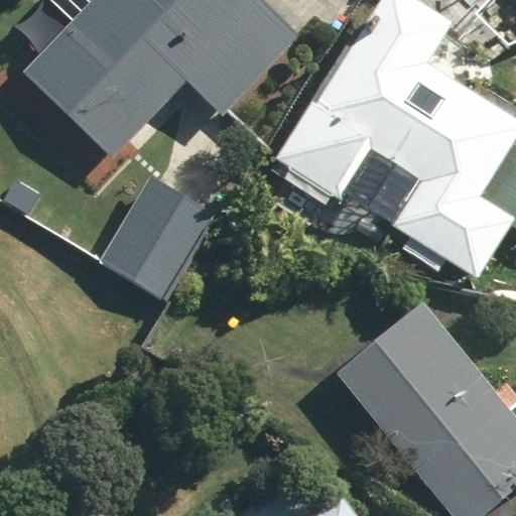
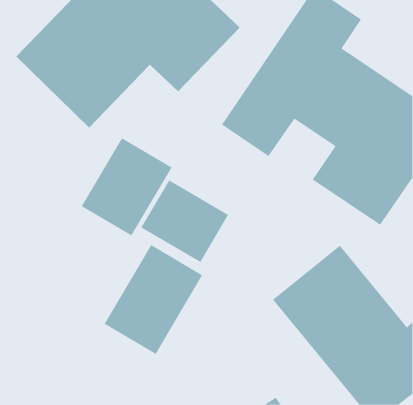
building: none -> [141,179,229,263]
building: none -> [104,244,203,355]

